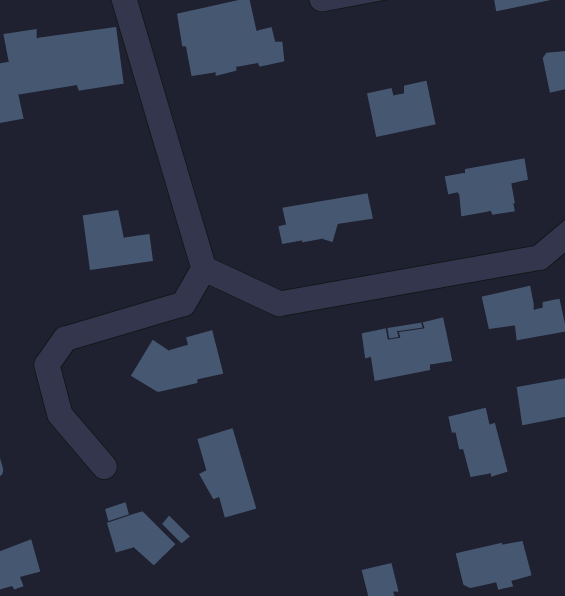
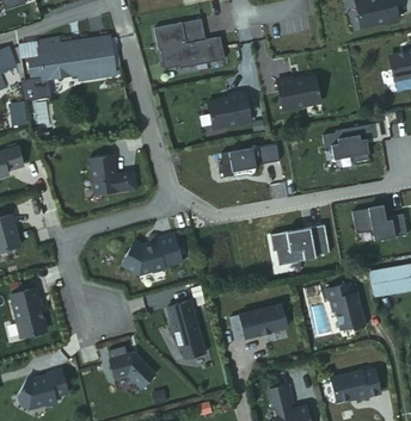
building: none -> [204,92,249,129]
building: none -> [229,305,286,340]

